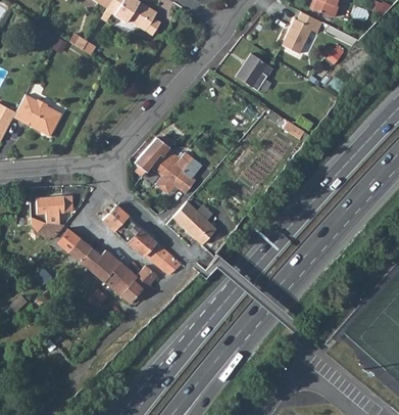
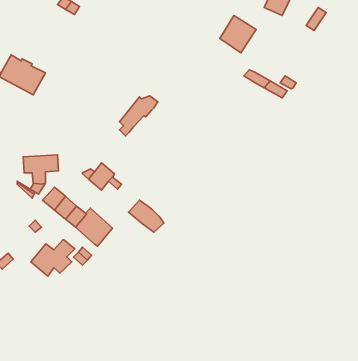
building: [149,149,201,195] -> none
building: [172,202,215,244] -> none
building: [126,227,155,255] -> none
building: [112,266,157,303] -> [31,240,75,276]

